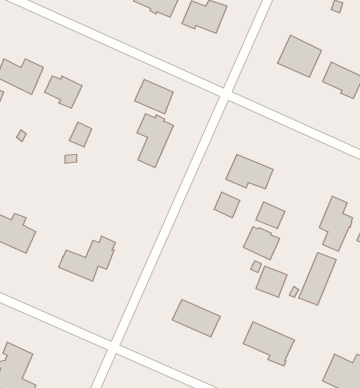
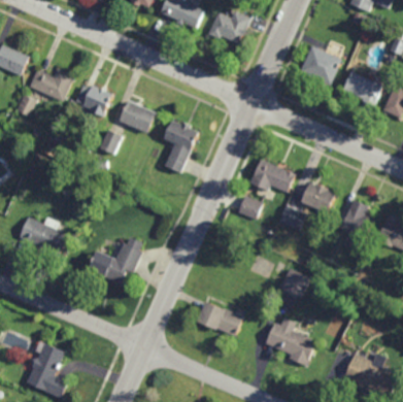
building: [135,79,173,114] -> [119,100,156,133]
building: [243,227,280,260] -> [302,183,337,215]
building: [299,253,336,305] -> none

